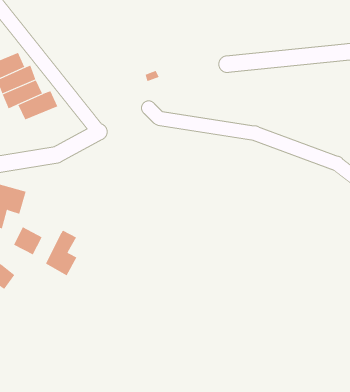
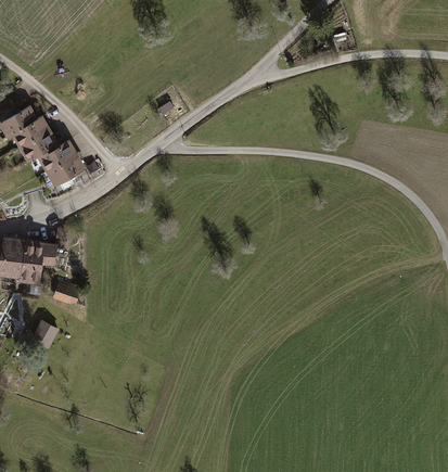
building: none -> [46,154,85,187]
building: [45,230,77,276] -> none

